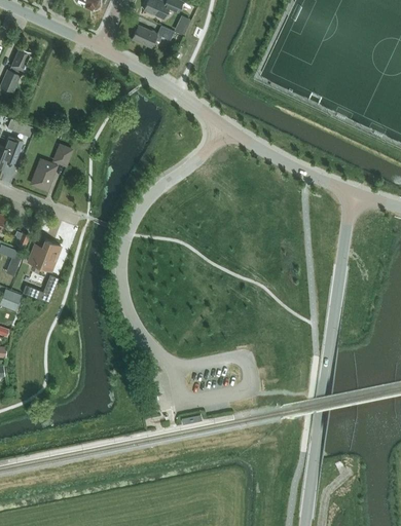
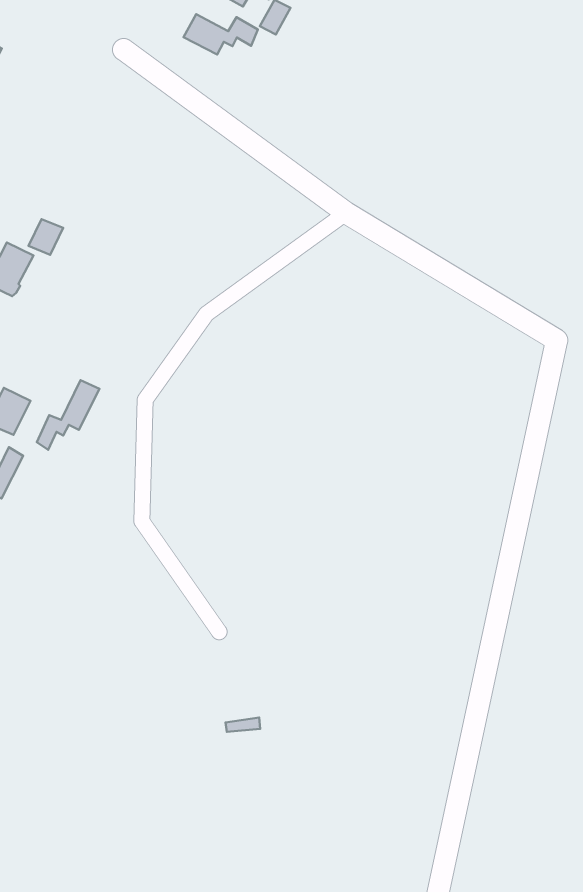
building: none -> [37,380,100,450]

